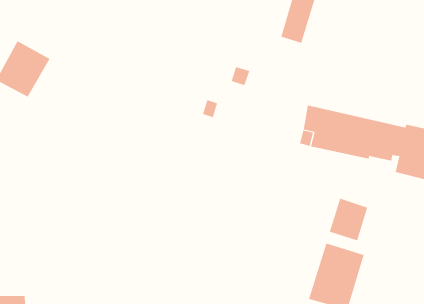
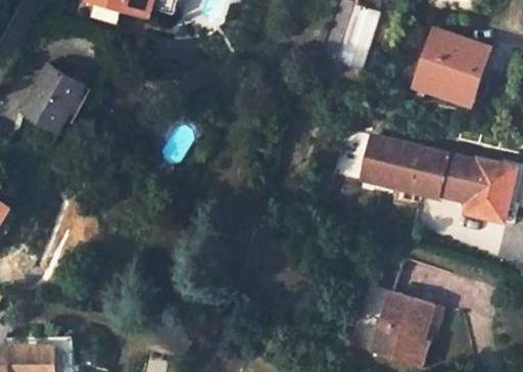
building: none -> [418,30,485,102]
building: [329,198,368,241] -> none

